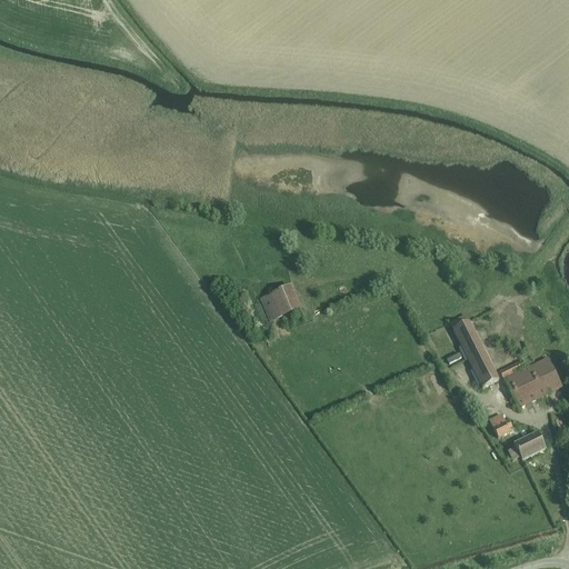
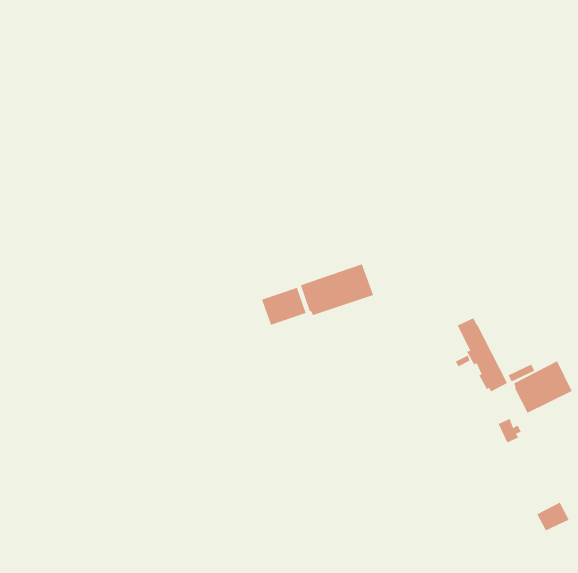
building: none -> [300,264,374,316]
building: [513,429,546,458] -> [537,502,569,531]

